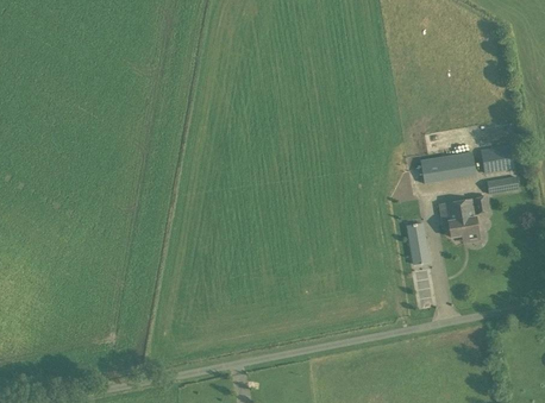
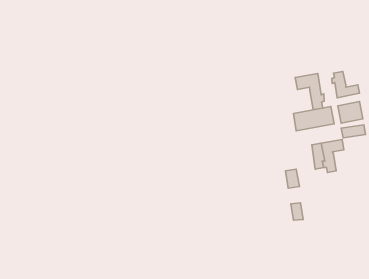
building: none -> [332,72,359,98]
building: none -> [295,74,324,109]

